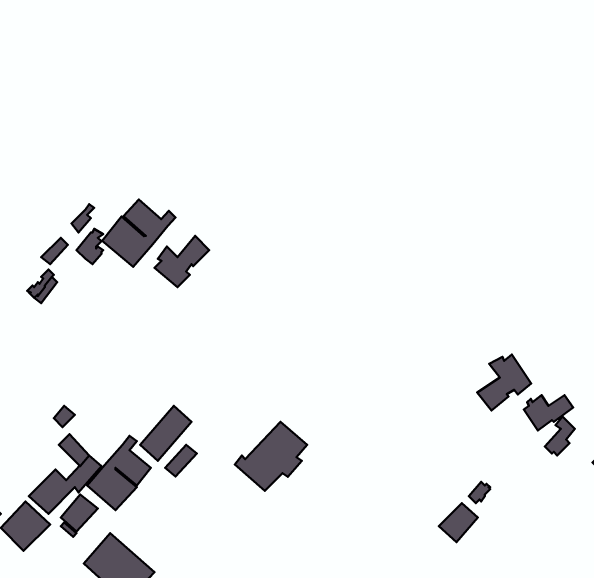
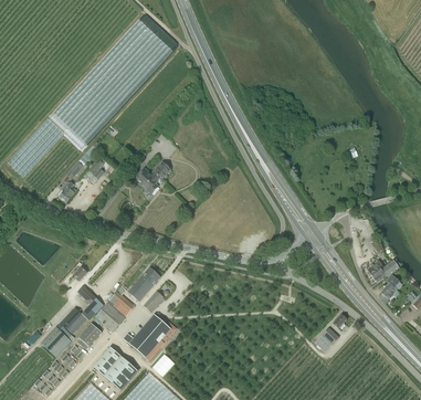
building: [102,200,176,267] -> none
building: [477,355,531,411] -> none
building: [235,422,307,491] -> [126,314,171,357]

